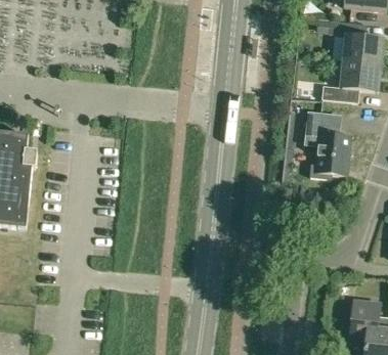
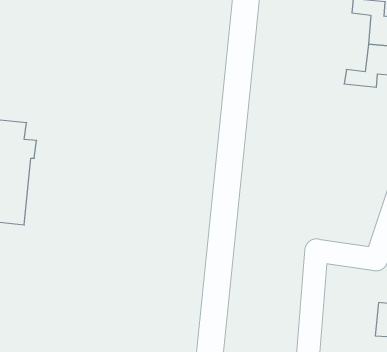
building: [303,110,352,178] -> none

